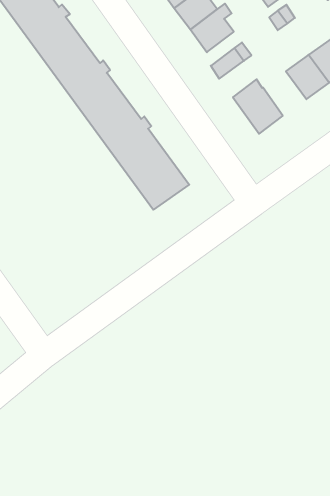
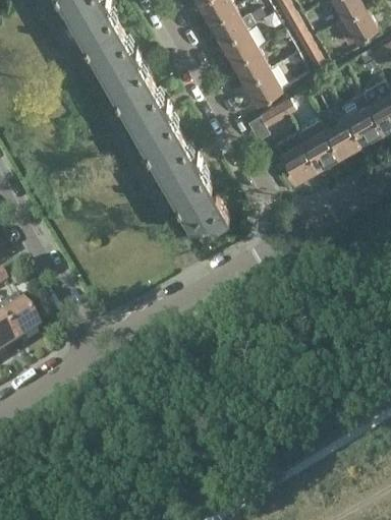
building: none -> [299,128,336,167]

